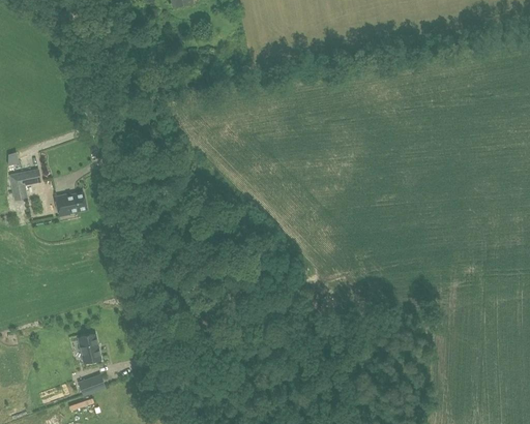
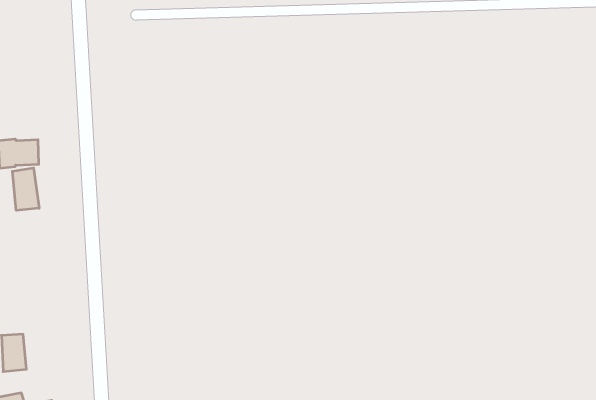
building: none -> [12,168,39,210]

